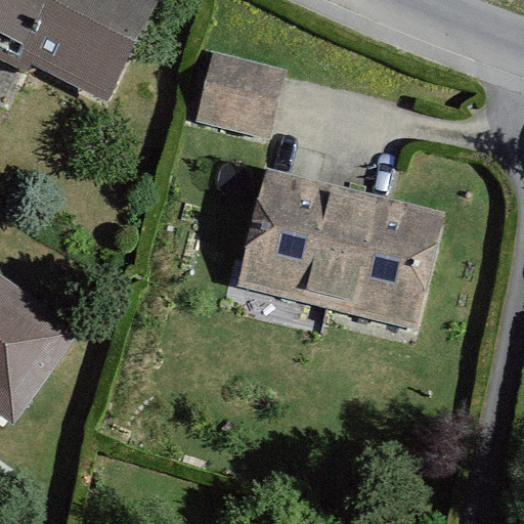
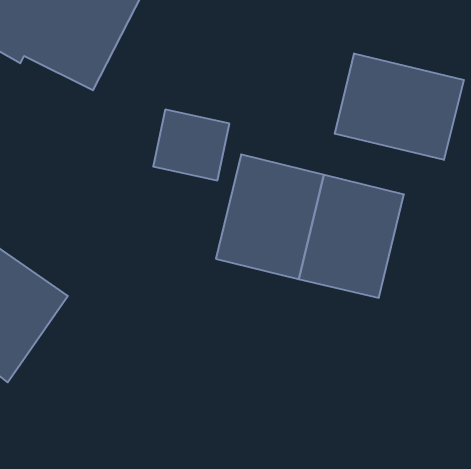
building: [198,54,281,132] -> [153,110,229,180]
building: none -> [335,53,464,160]

